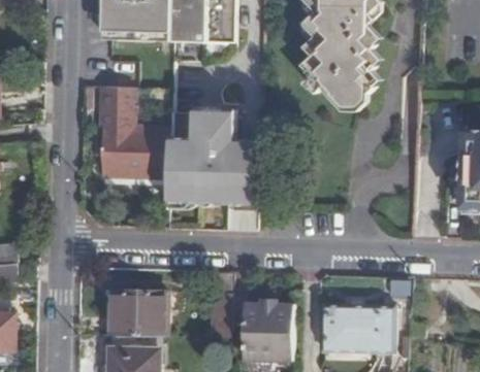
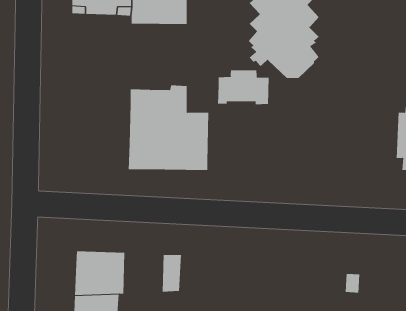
building: [102,90,171,176] -> none
building: none -> [218,69,269,105]
building: [241,296,292,353] -> none
building: [321,297,396,346] -> none

